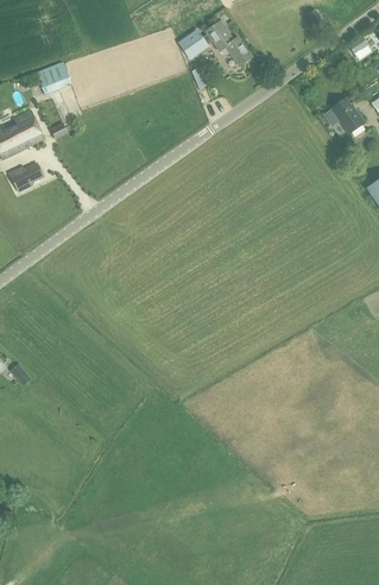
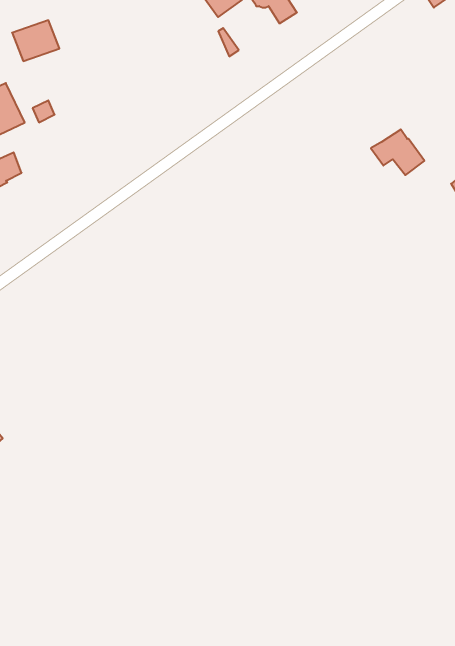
building: [322,97,362,132] -> [371,129,424,175]

